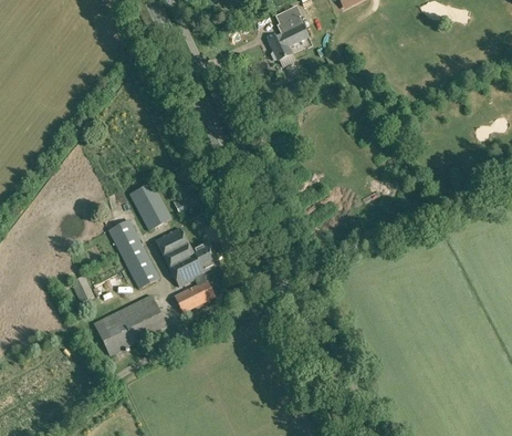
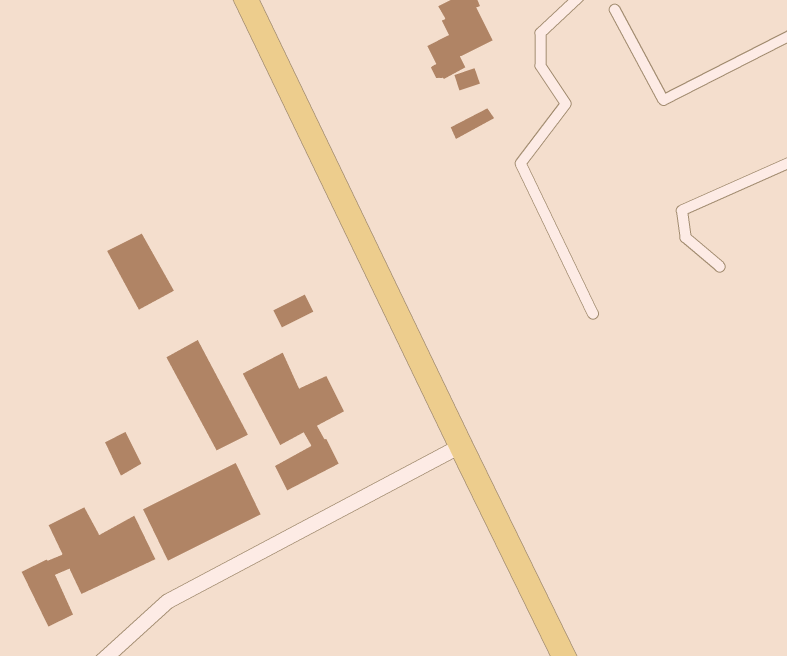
building: [129,183,171,230] -> [106,233,175,311]
building: none -> [21,506,156,628]

